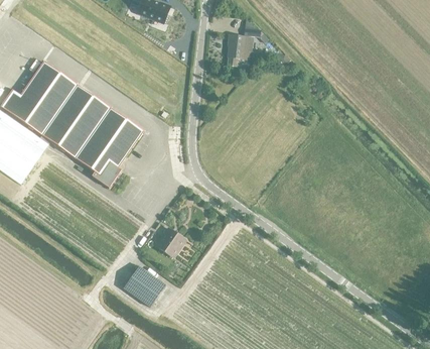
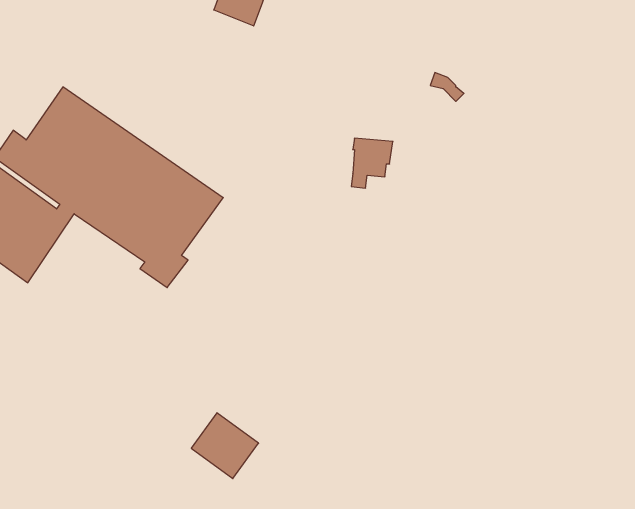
building: [226,34,252,66] -> [351,138,393,188]
building: [159,227,184,257] -> none

